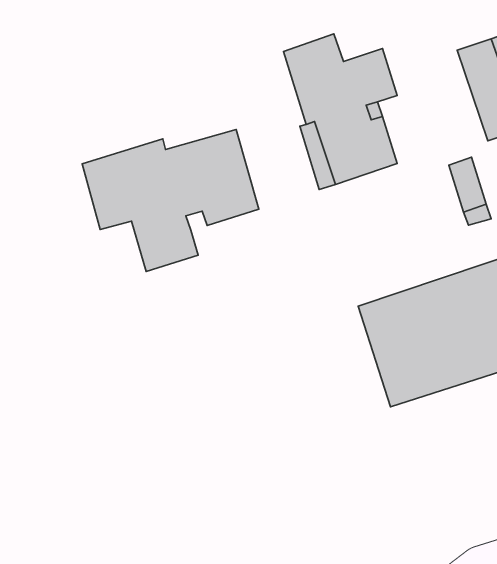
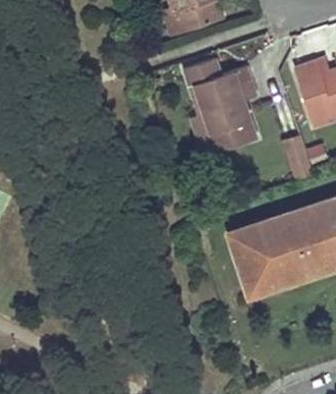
building: [82,129,259,272] -> none

